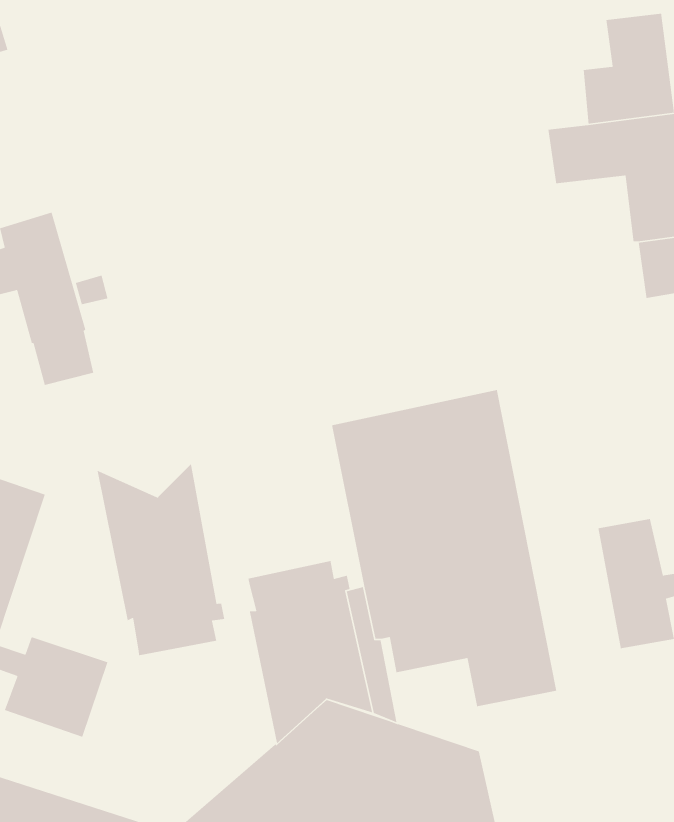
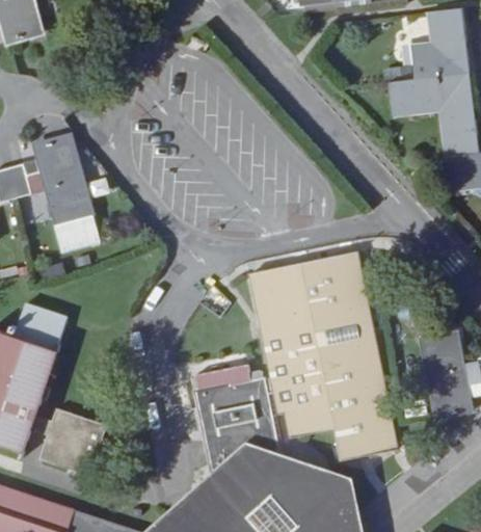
building: [97,463,225,656] -> none

